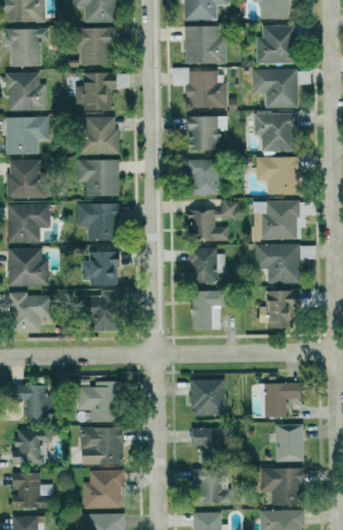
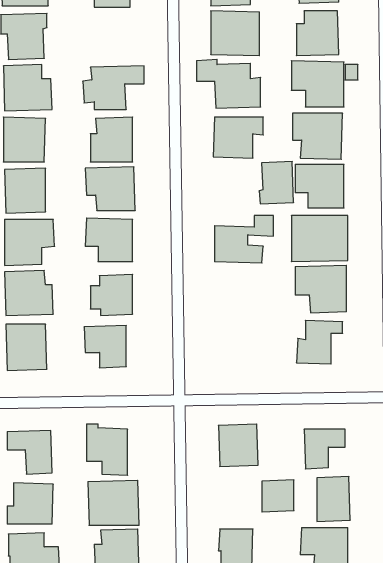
building: [73,26,114,65] -> none
building: [186,159,216,195] -> [259,162,294,204]
building: [188,247,227,284] -> none
building: [192,290,221,330] -> none
building: [192,427,219,454] -> [262,480,294,512]

